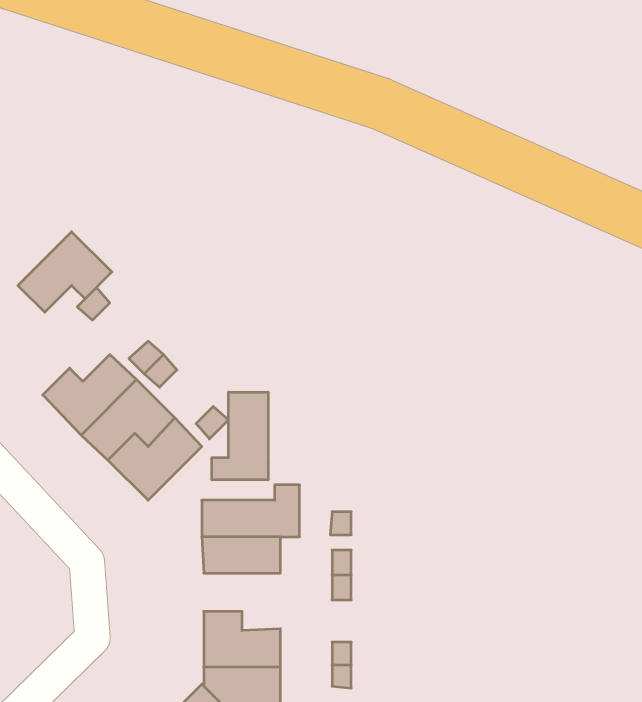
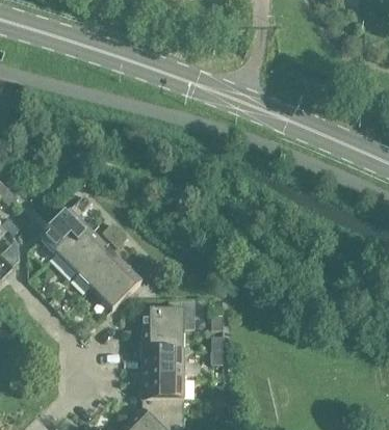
building: [18,232,112,312] -> [40,208,90,251]
building: [212,392,268,480] -> none
building: none -> [141,348,183,379]

